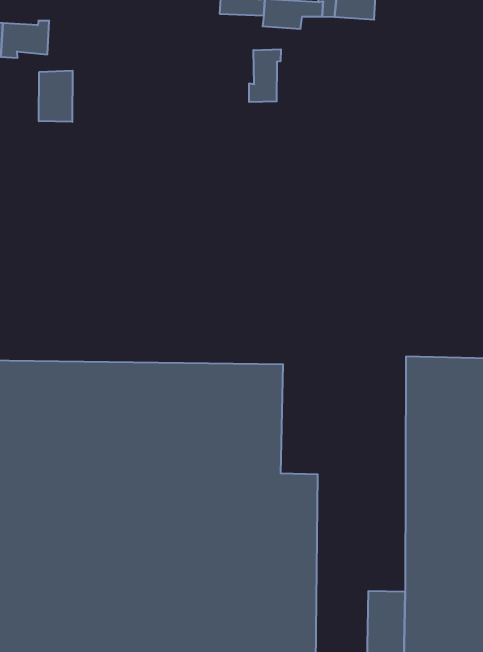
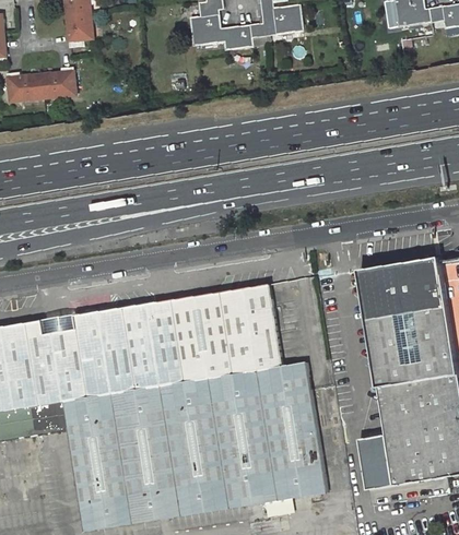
building: [249,49,281,102] -> none
building: [39,71,73,122] -> none

